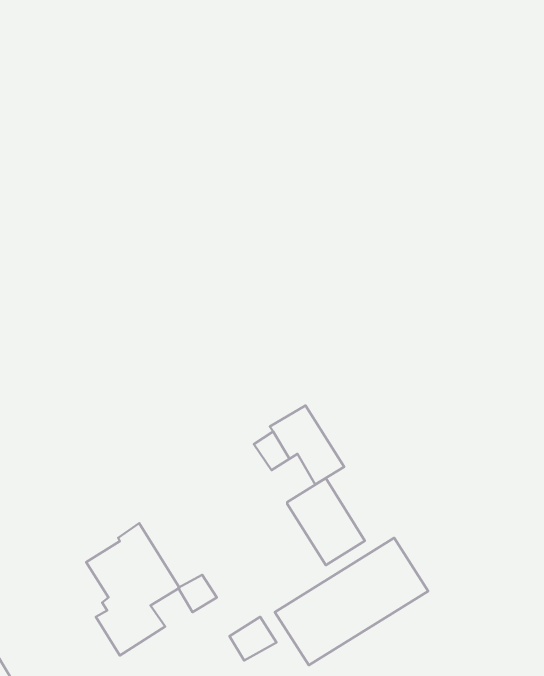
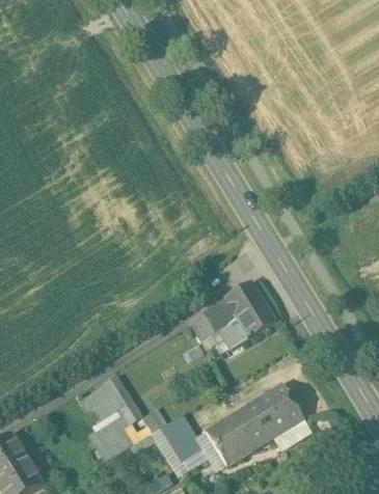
building: [287,478,365,565] -> [224,283,274,339]
building: none -> [160,415,195,449]

